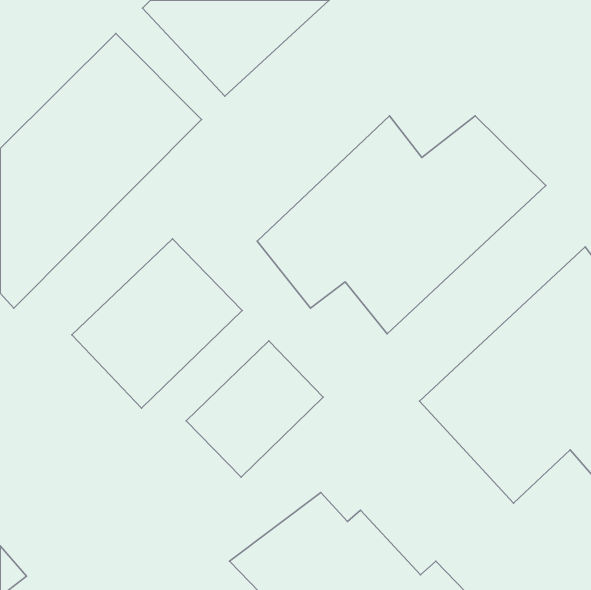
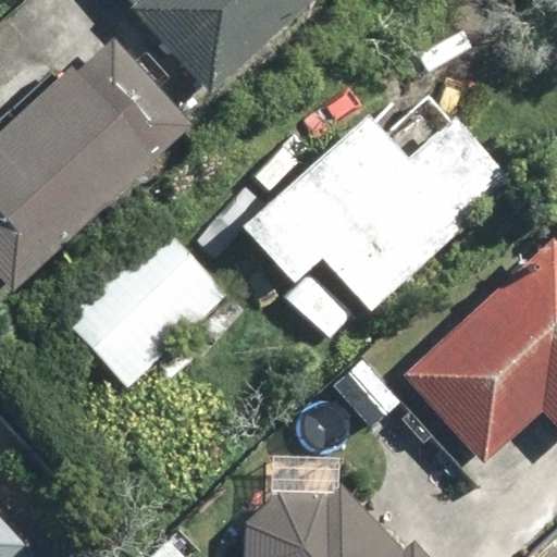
building: [186,341,323,477] -> none

